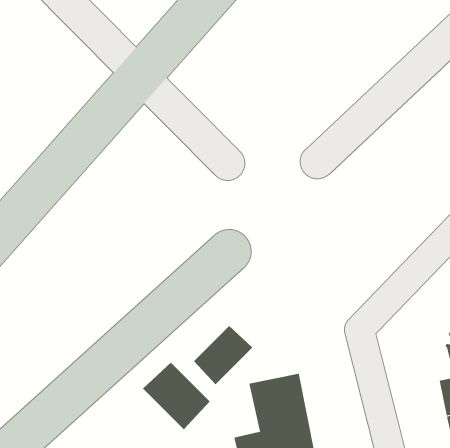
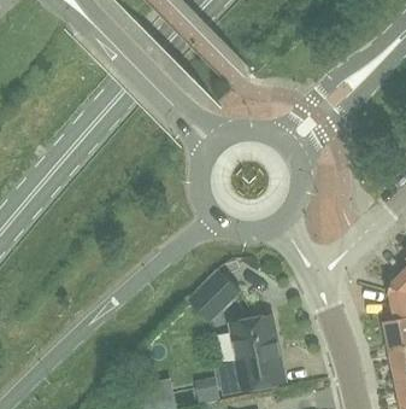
building: [142,362,211,430] -> none

